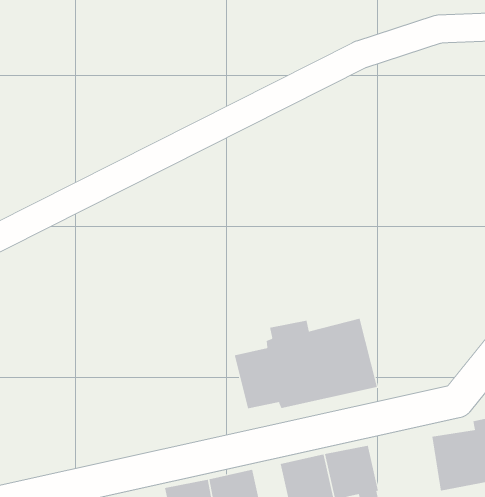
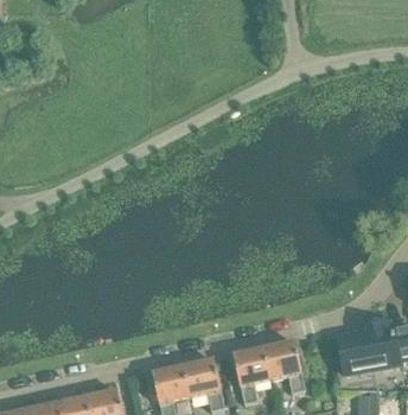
building: [234,318,378,409] -> none

